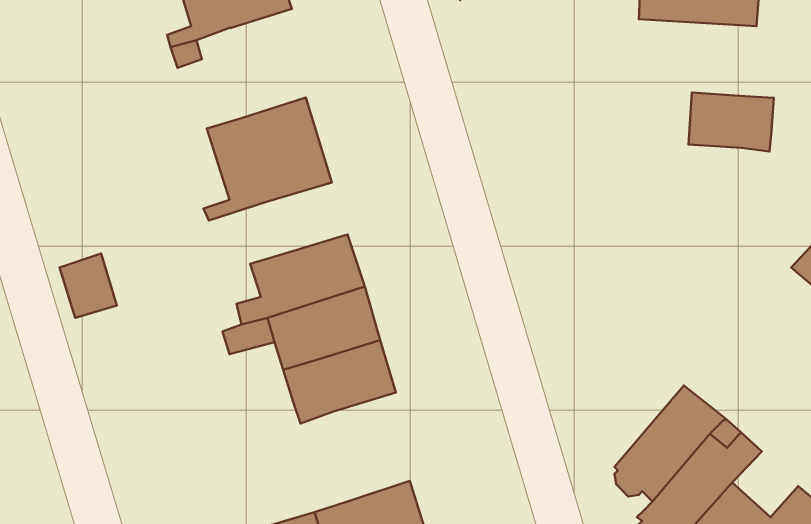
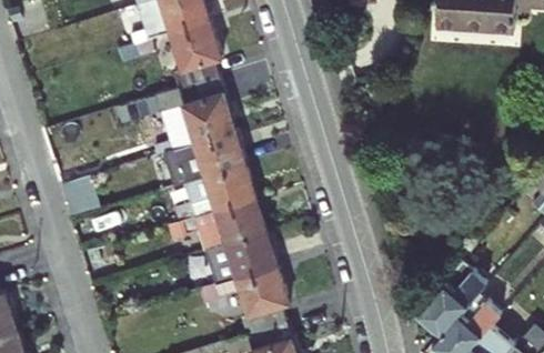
building: none -> [171,19,223,89]
building: [689,93,774,152] -> none
building: none -> [171,130,246,184]
building: none -> [201,264,290,334]

